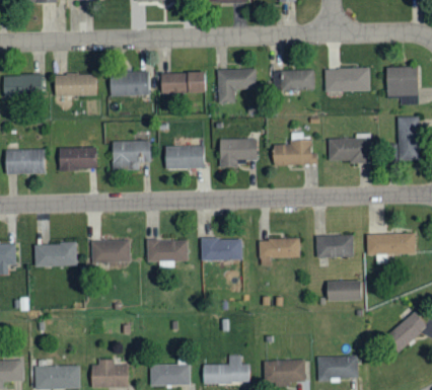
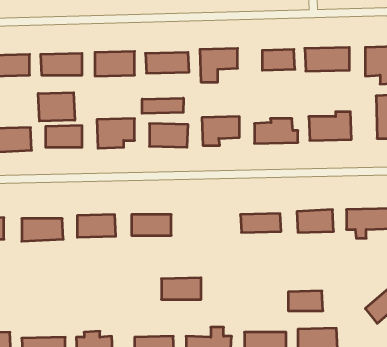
building: none -> [38,93,75,121]
building: none -> [142,98,183,113]
building: [201,237,241,259] -> [161,278,201,299]
building: [327,280,362,300] -> [288,291,323,311]

